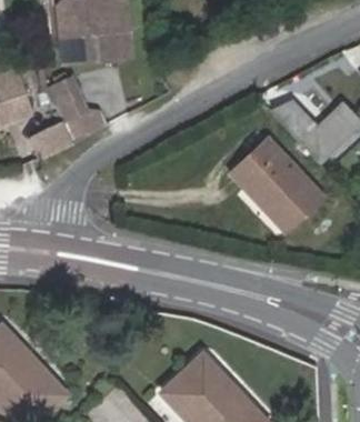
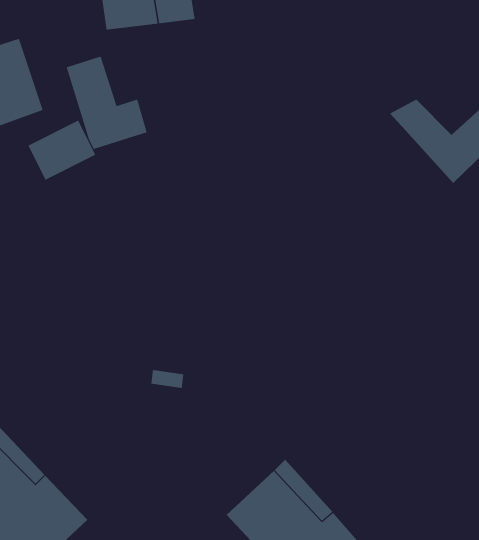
building: [236,141,322,227] -> none

